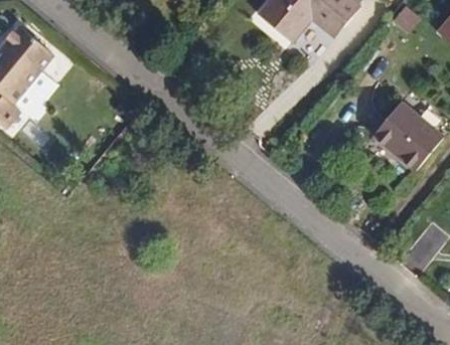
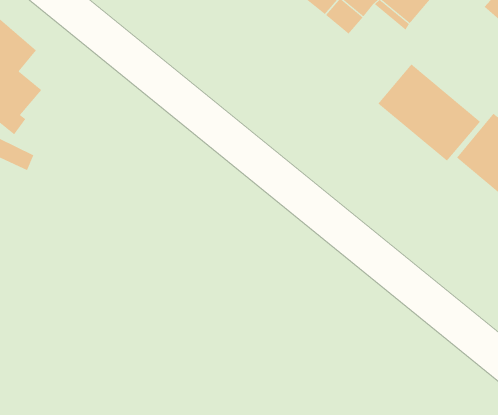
building: none -> [377,64,481,161]

